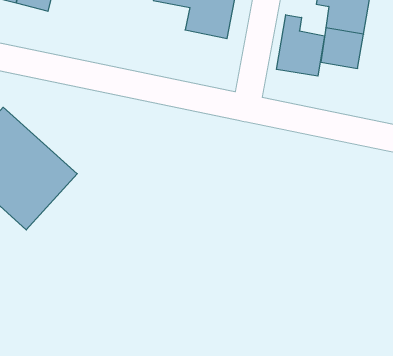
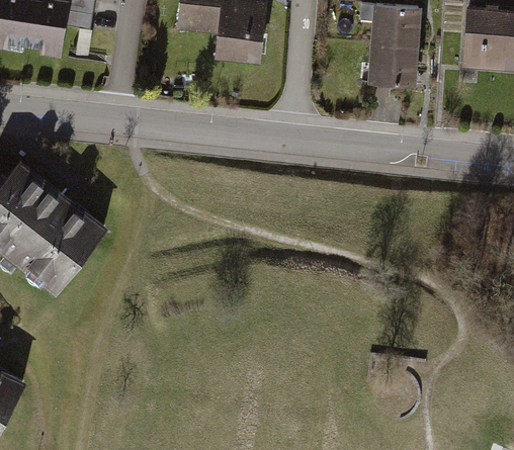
building: [276,15,325,76] -> none

